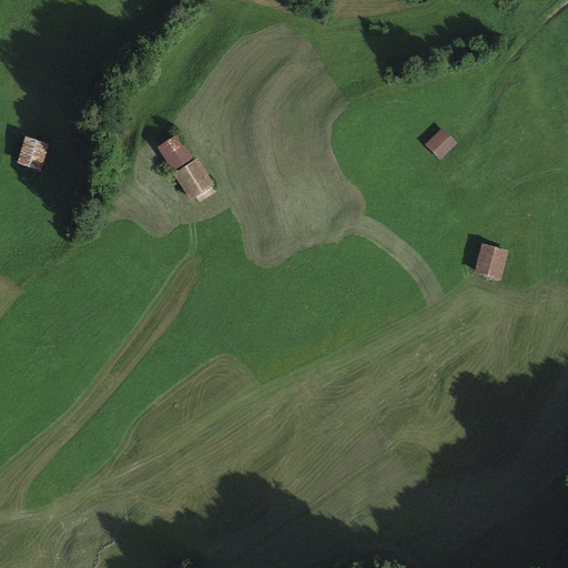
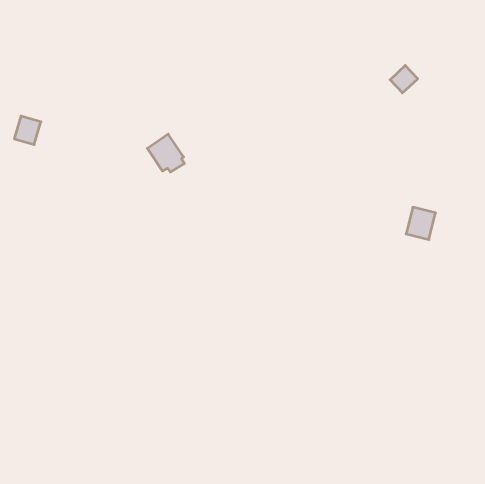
building: [424,126,456,159] -> [390,65,418,93]
building: [156,132,193,170] -> none

